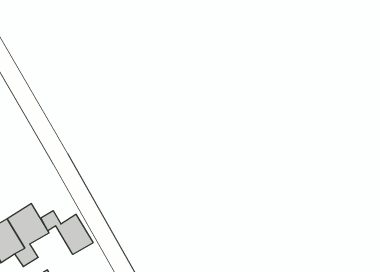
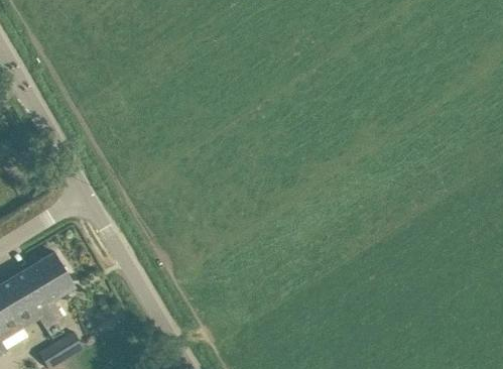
building: [41,211,93,254] -> none

